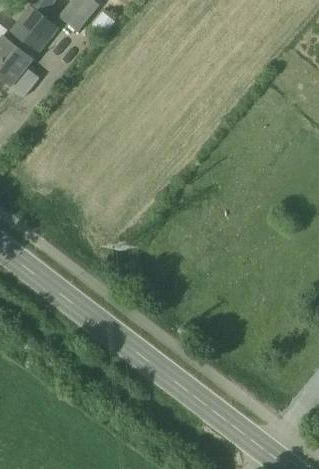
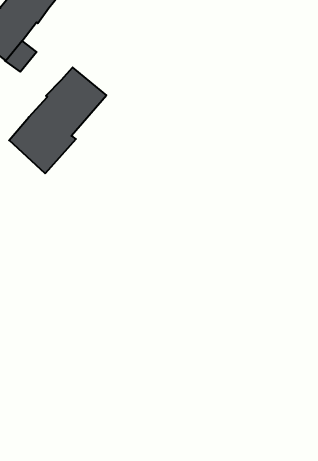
building: none -> [9,67,106,173]

